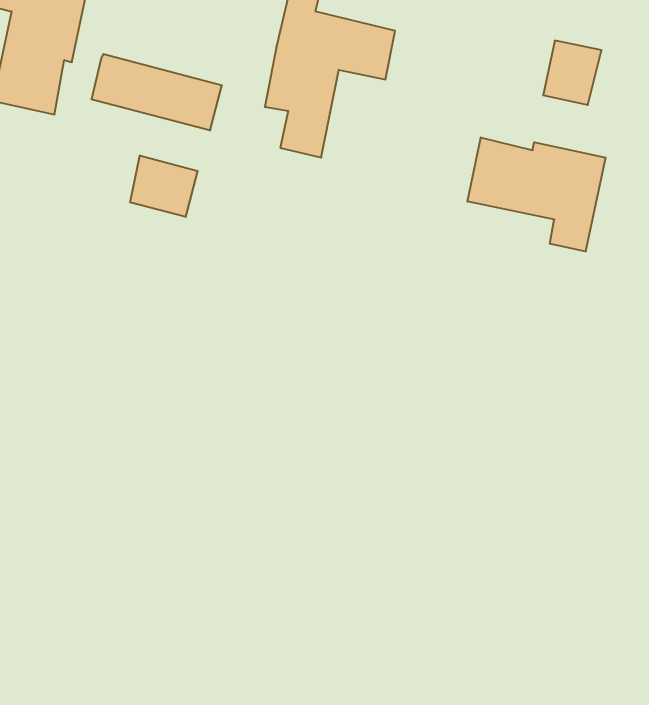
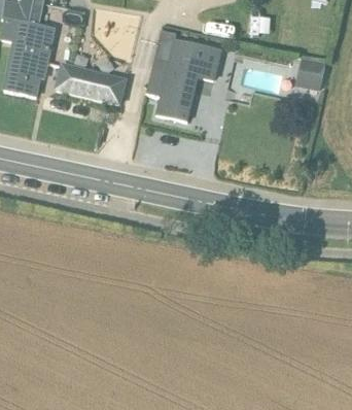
building: [467,137,606,252] -> none
building: [130,155,198,217] -> none

